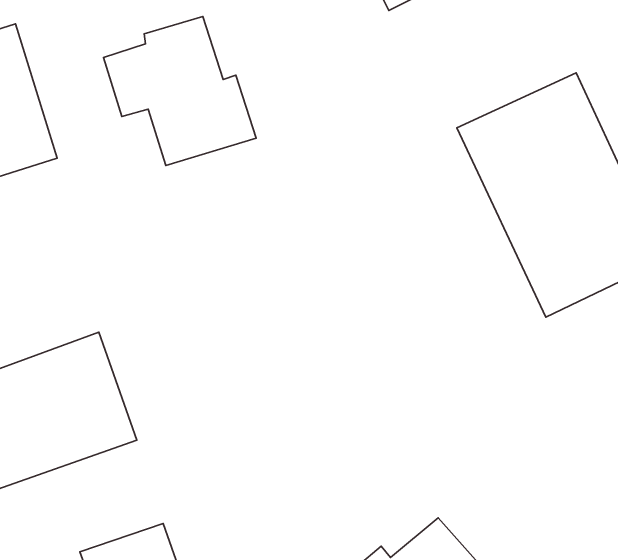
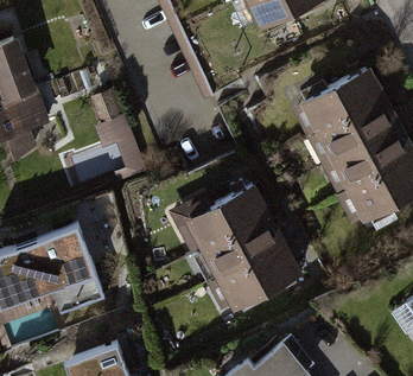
building: [103,16,256,165] -> none
building: none -> [185,180,301,310]

